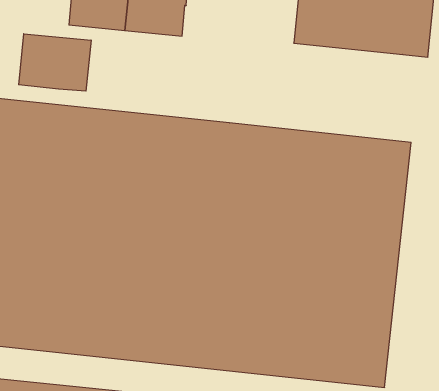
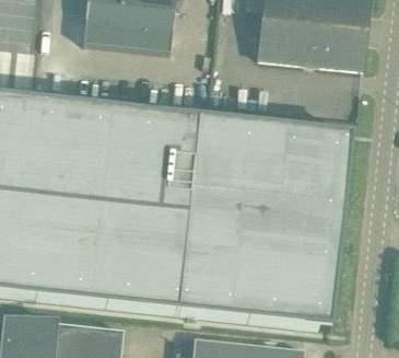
building: [19,34,91,91] -> none

